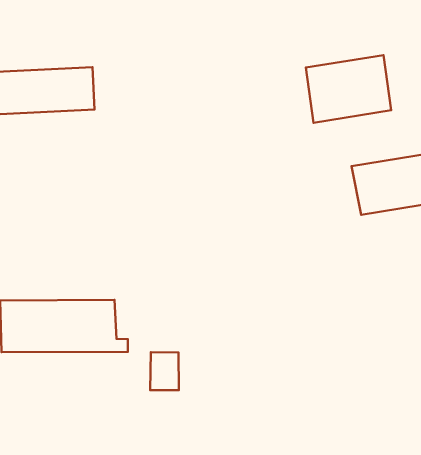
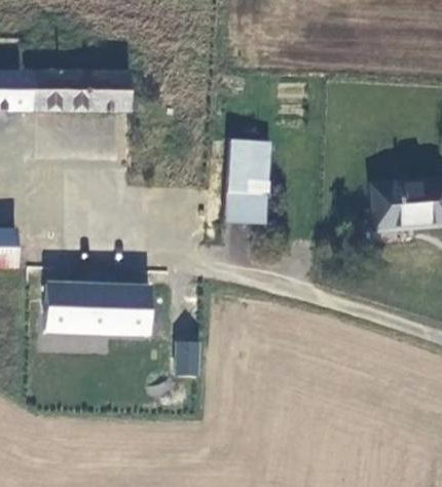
building: [306,55,391,123] -> none
building: none -> [228,145,273,226]

